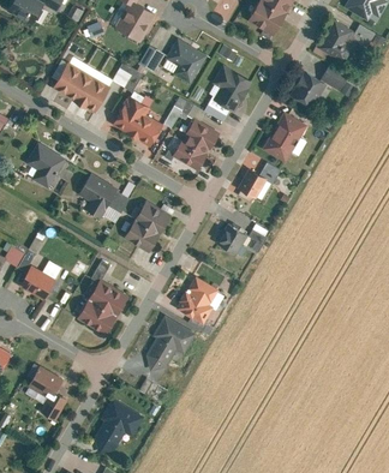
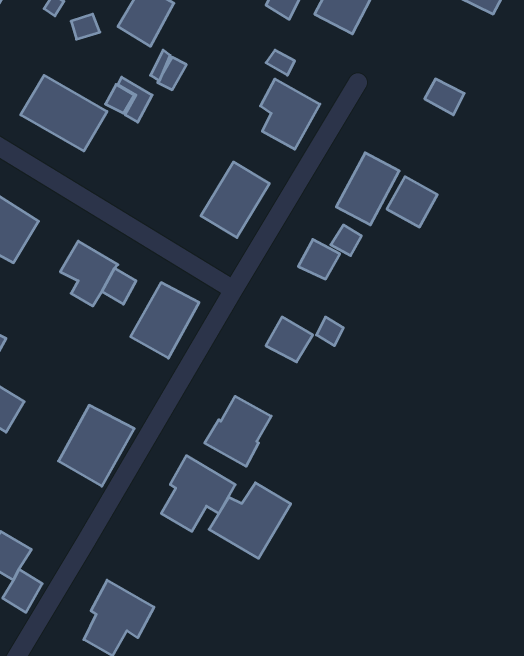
building: [319,20,353,61] -> none
building: [167,40,207,84] -> none
building: [291,72,324,106] -> [387,177,437,227]
building: [113,96,162,146] -> none
building: none -> [209,483,291,558]

